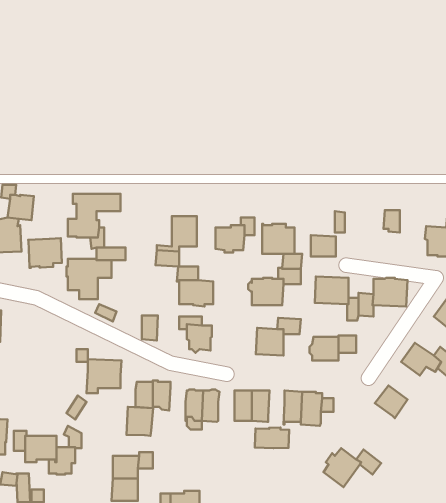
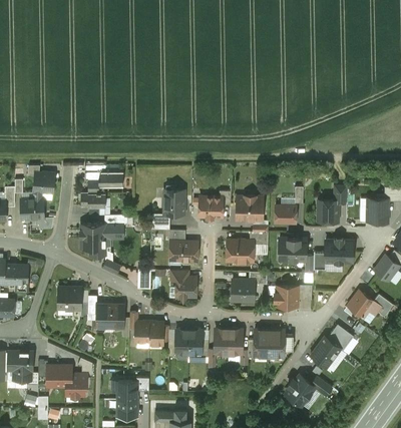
building: none -> [318,200,338,222]
building: [28,238,62,268] -> none
building: none -> [57,288,82,310]
building: none -> [310,338,341,369]
building: [126,407,153,436] -> none
building: [255,427,289,448] -> none

